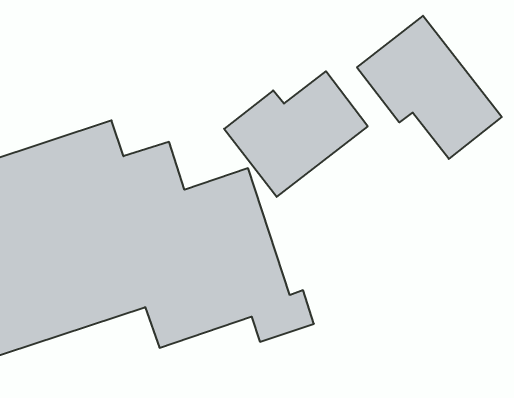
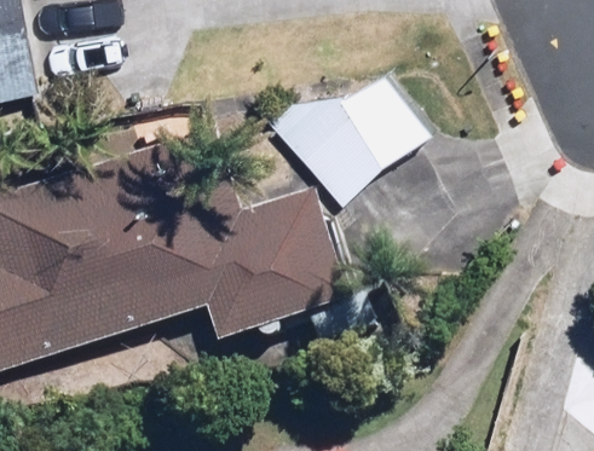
building: [357,16,502,159] -> none

